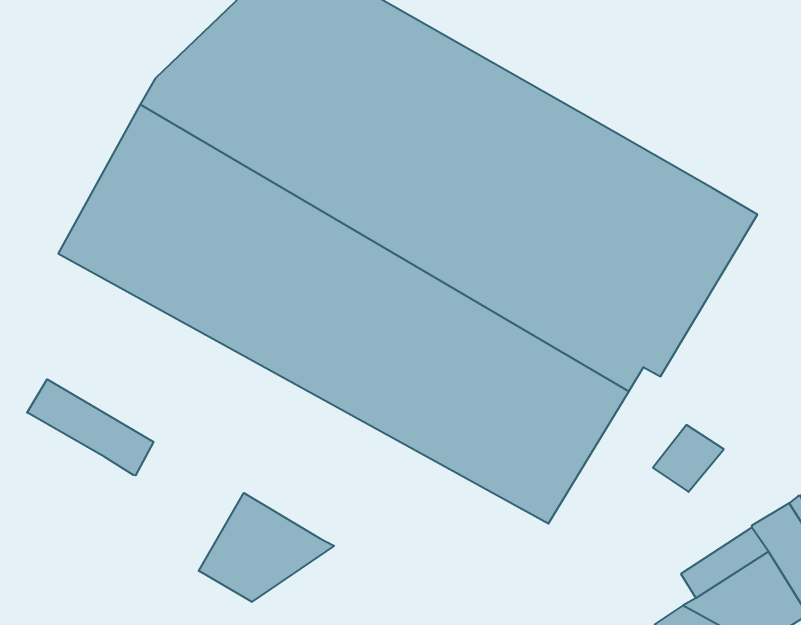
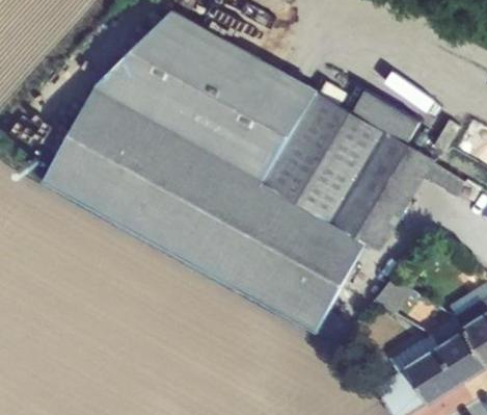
building: none -> [350,89,418,145]
building: [27,379,154,475] -> none
building: [199,493,334,602] -> none

